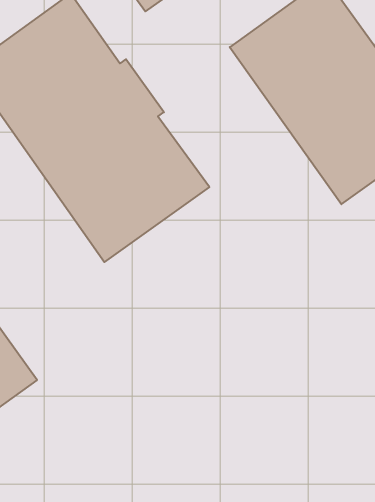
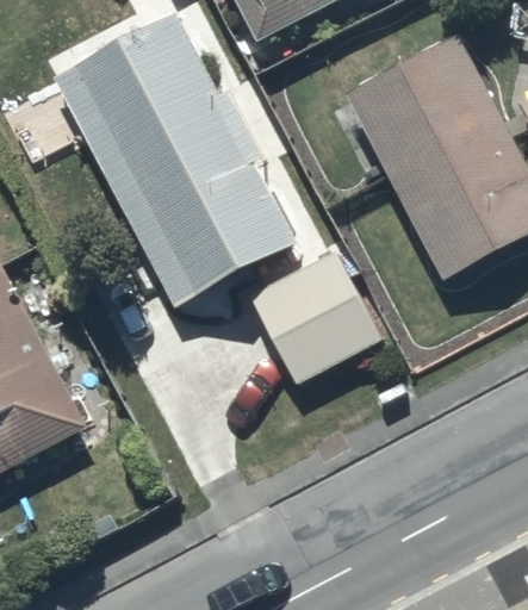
building: none -> [249,248,384,385]

